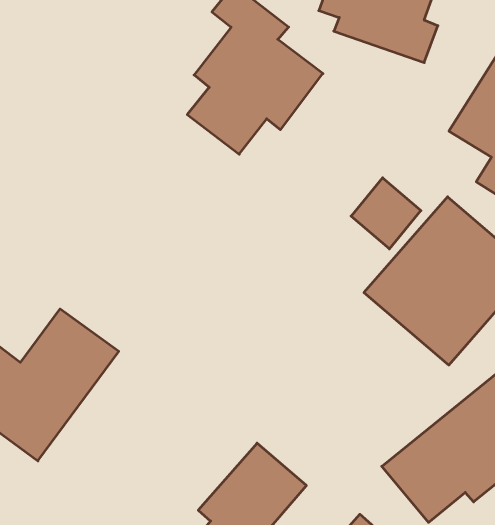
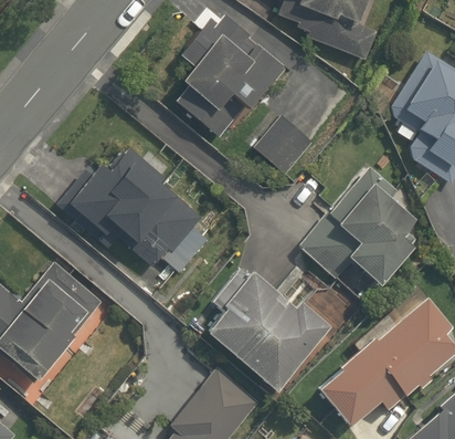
building: none -> [63,151,209,273]
building: [351,178,421,249] -> [248,116,305,174]
building: none -> [208,263,332,396]

